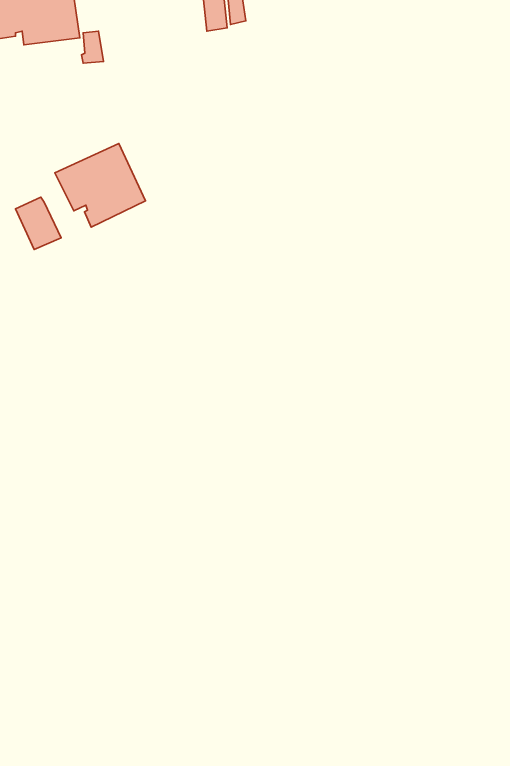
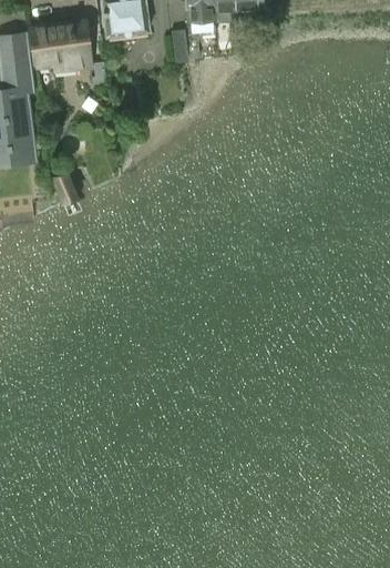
building: [55,143,145,227] -> none

